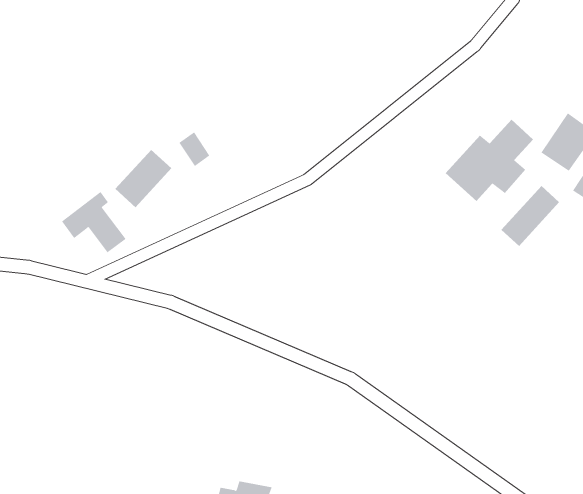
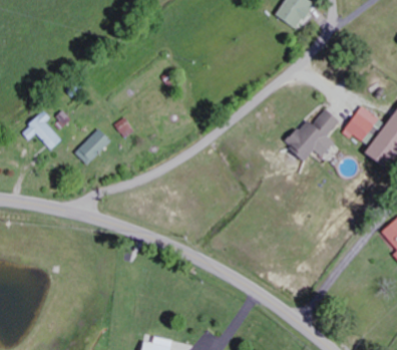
building: [501,185,560,247] -> none
building: [61,191,126,253] -> [21,111,62,150]

